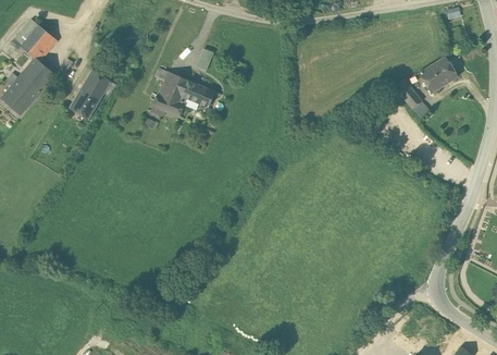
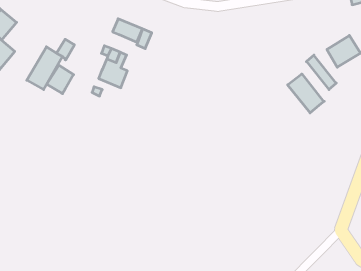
building: [179,79,214,107] -> [113,19,142,42]
building: none -> [47,65,74,94]
building: none -> [288,74,324,113]

